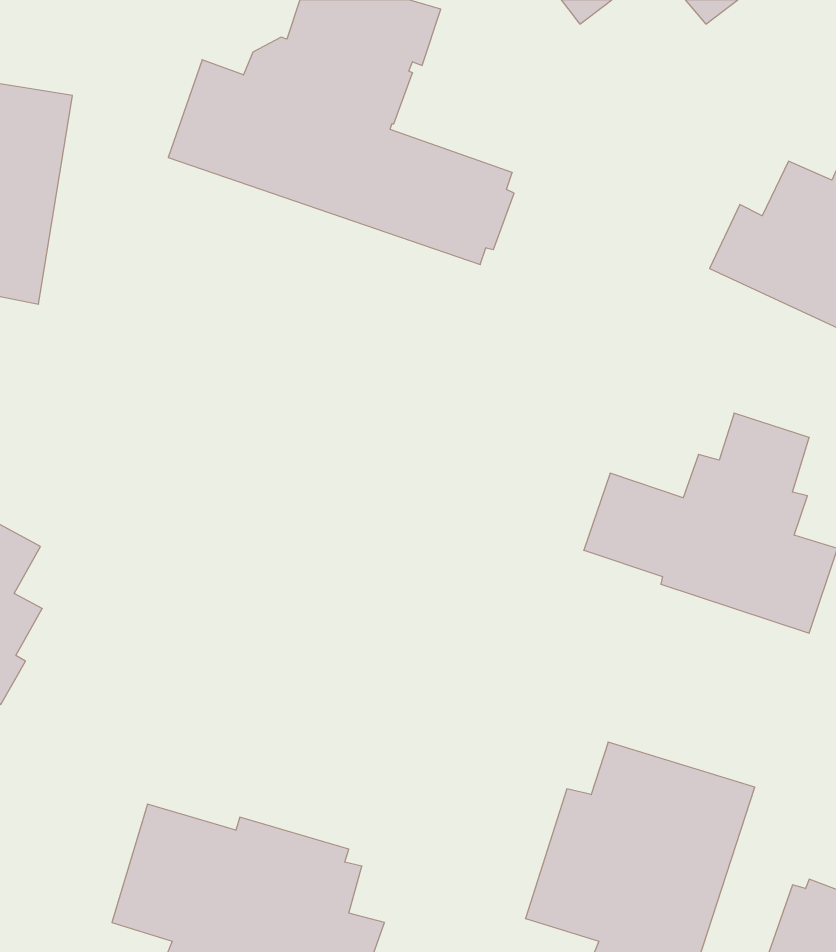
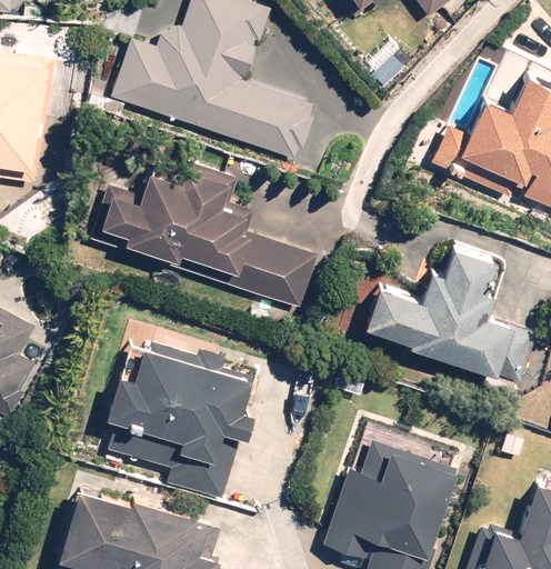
building: none -> [83,159,318,309]
building: none -> [120,336,273,493]

